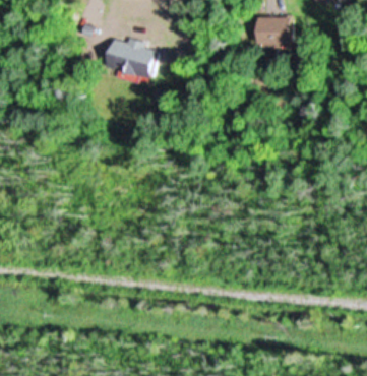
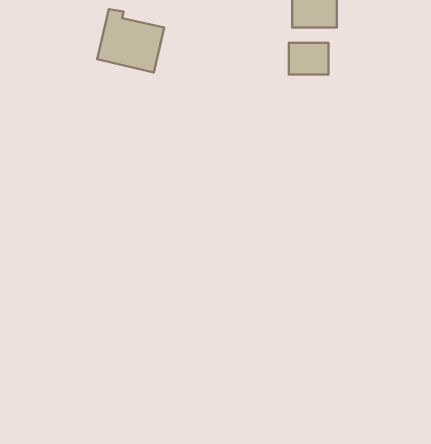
building: none -> [289,43,328,74]

